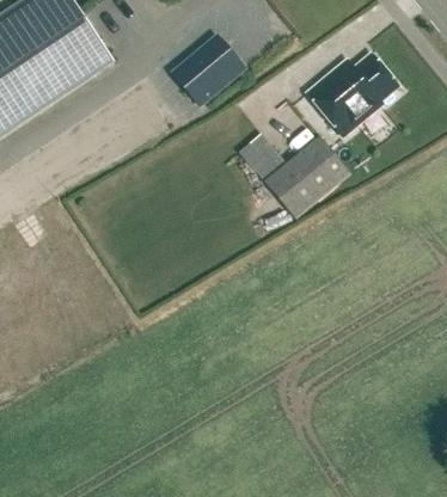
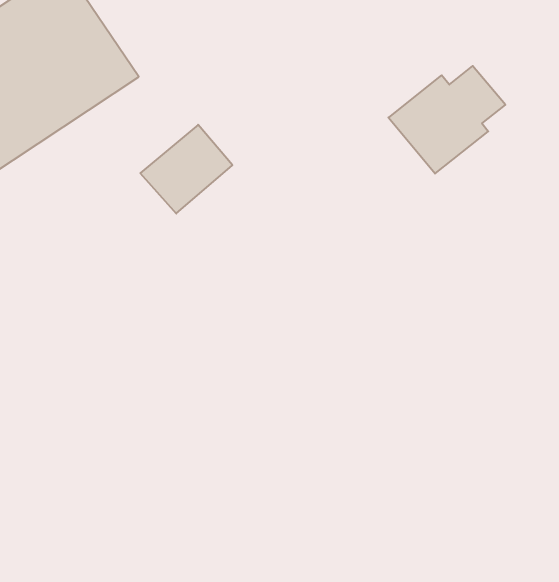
building: [173,37,244,105] -> [140,125,232,214]
building: [240,134,350,219] -> none

